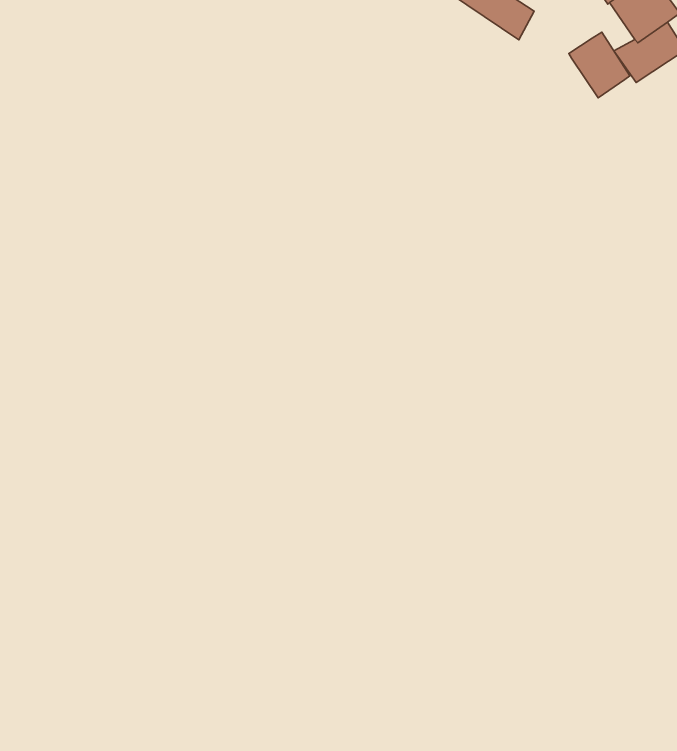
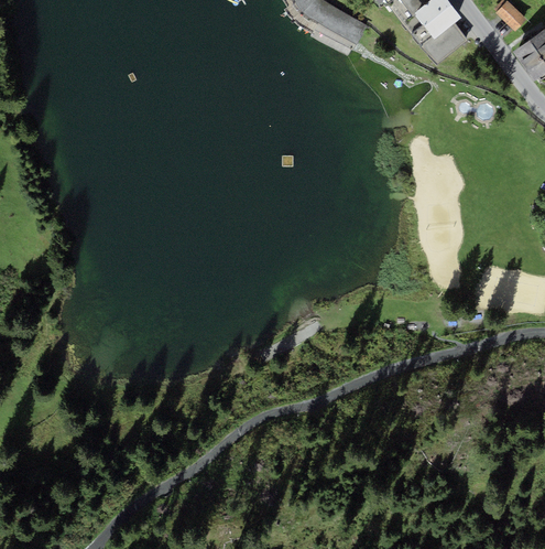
building: [569,32,630,98] -> none

